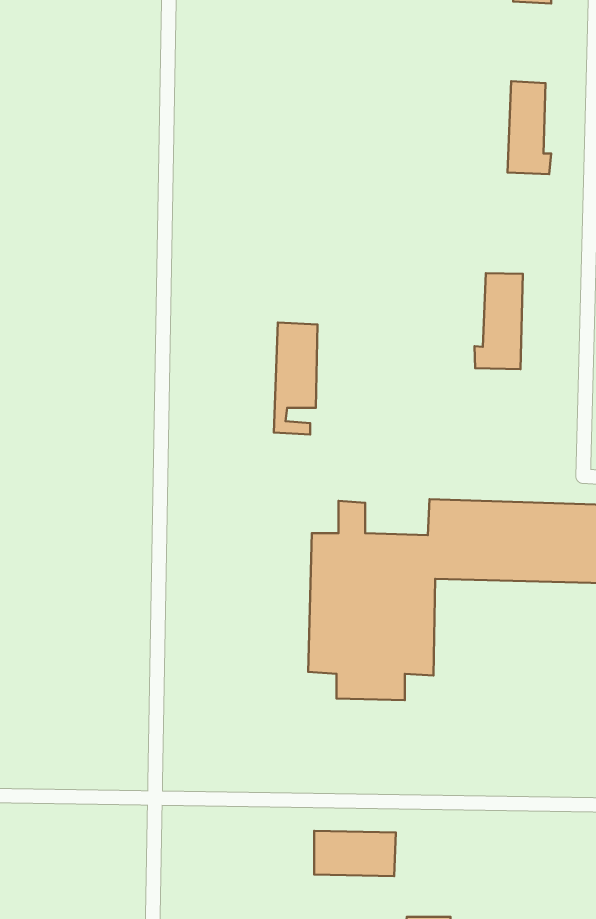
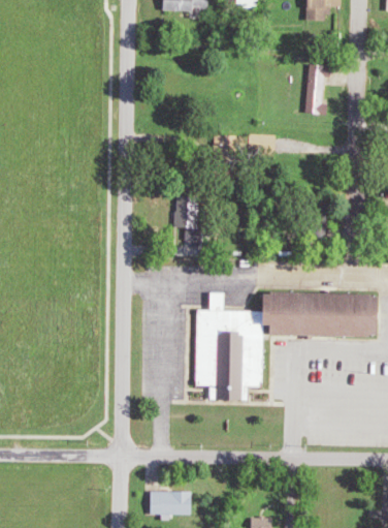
building: [475,273,523,369] -> none
building: [314,831,396,876] -> [148,491,192,516]

